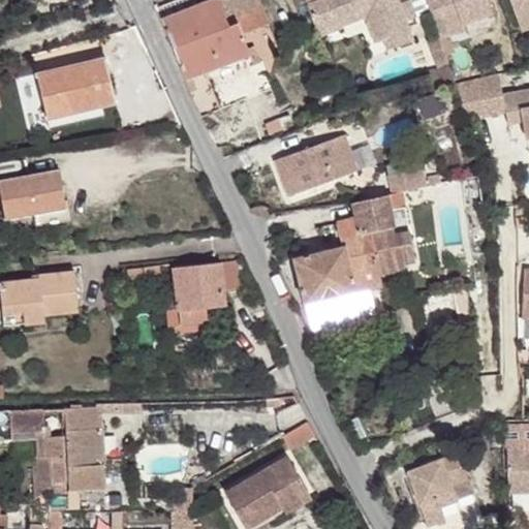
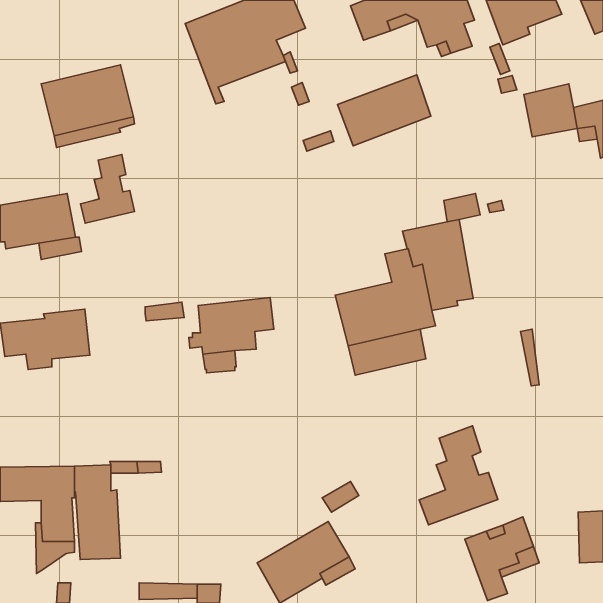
building: [275,134,356,196] -> [338,75,431,146]
building: none -> [80,155,134,223]
building: none -> [419,426,498,525]

